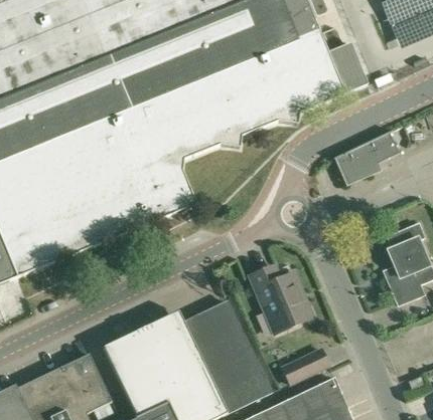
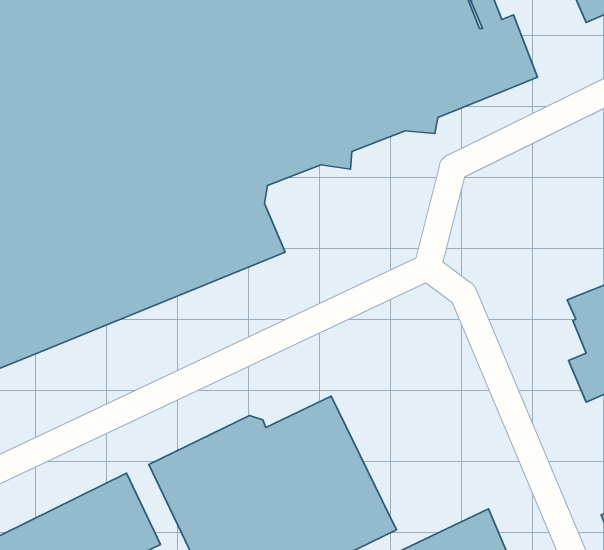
building: [335,132,398,182] -> none
building: [248,266,312,334] -> none
building: [281,349,327,384] -> none

